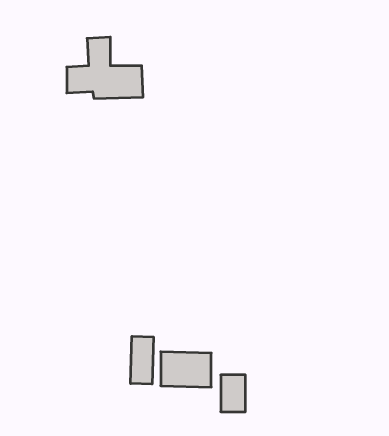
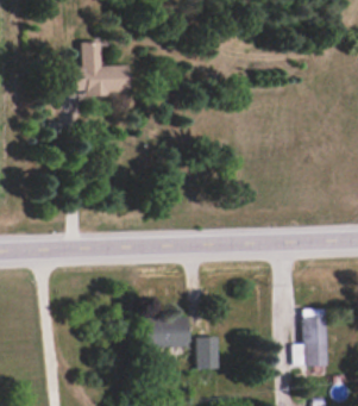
building: [131,336,153,384] -> none
building: none -> [293,310,327,366]

